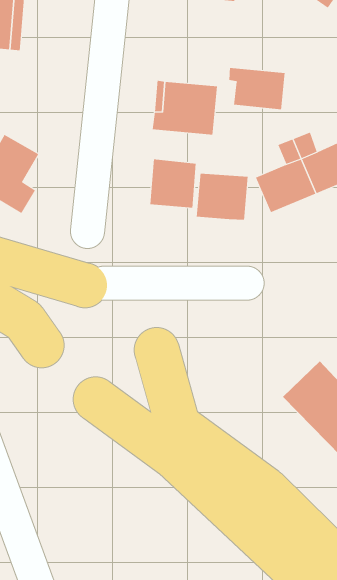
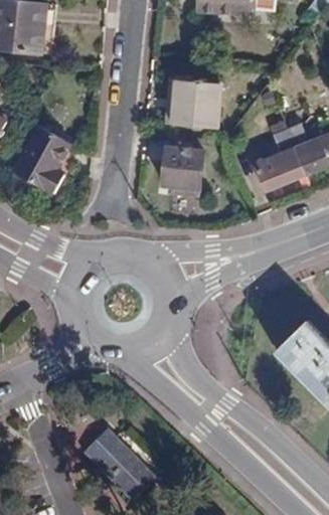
building: [229,67,285,110] -> none
building: [196,173,248,220] -> none
building: none -> [84,431,155,502]

